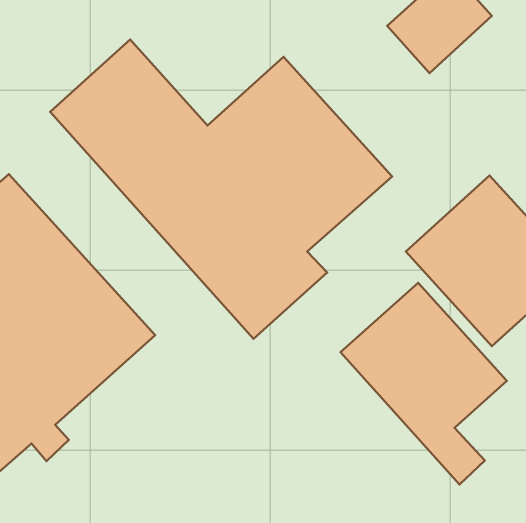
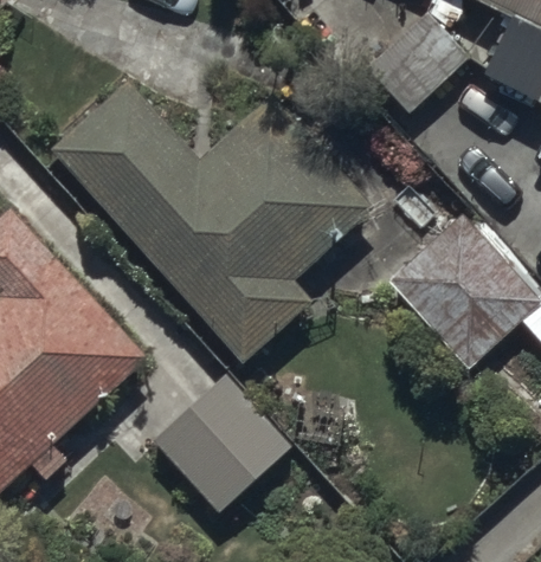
building: [341,283,507,485] -> none
building: none -> [152,373,294,515]

